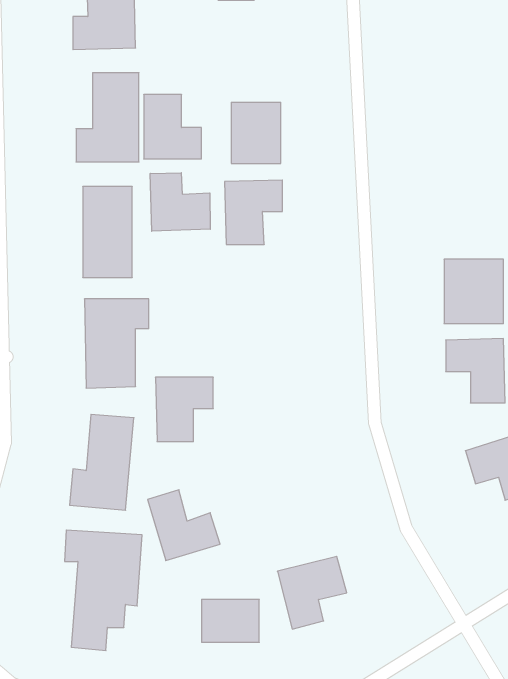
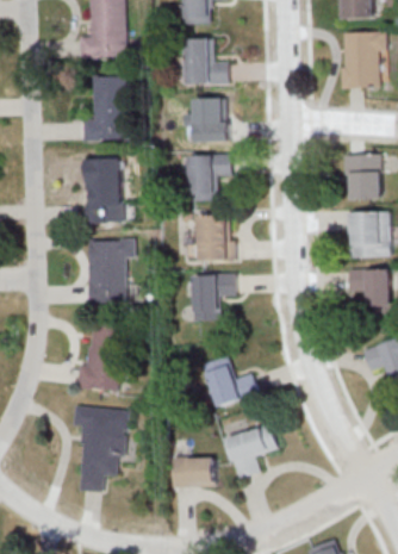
building: none -> [341,32,385,88]
building: [144,95,201,159] -> [185,38,226,85]
building: [150,173,210,231] -> none
building: none -> [343,154,380,199]
building: none -> [198,216,231,260]
building: [155,377,213,442] -> [192,274,234,320]
building: [148,490,220,561] -> [206,356,259,407]

